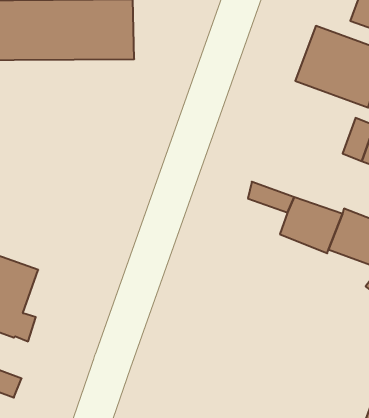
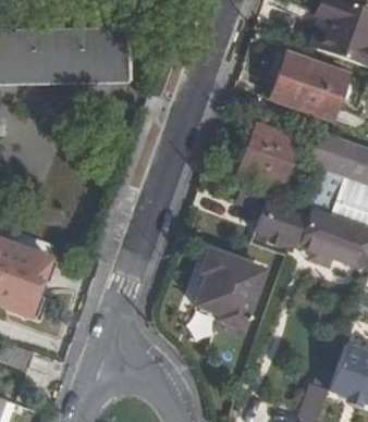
building: none -> [238,122,297,185]
building: none -> [186,246,261,332]

